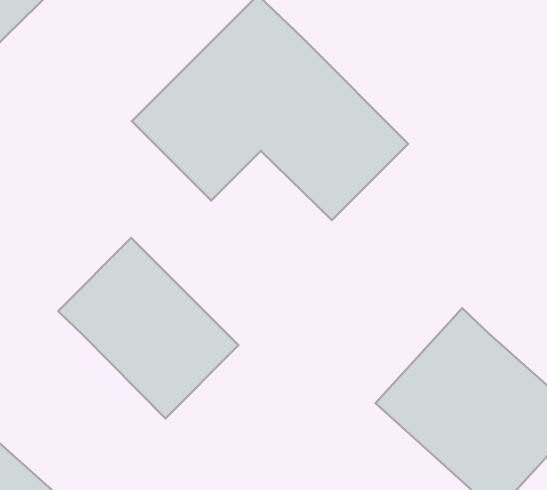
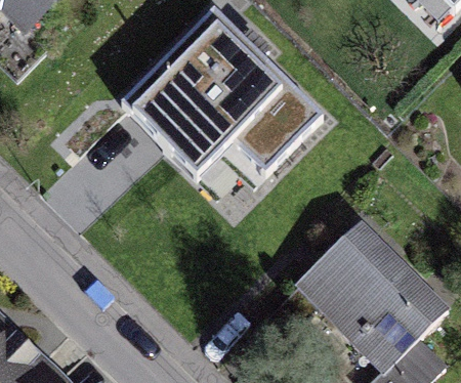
building: [58,238,239,419] -> none

